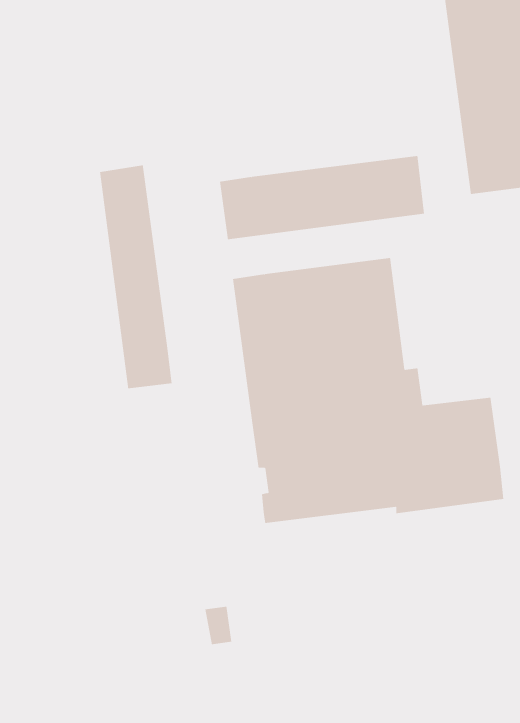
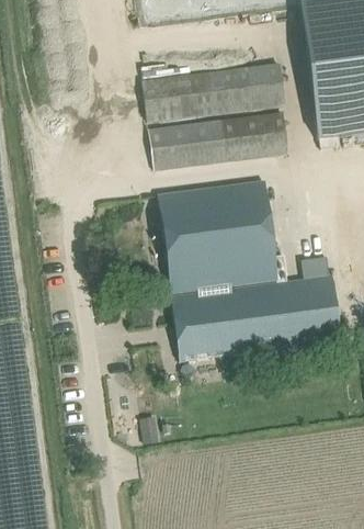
building: none -> [145,61,286,119]
building: [99,165,172,389] -> none

